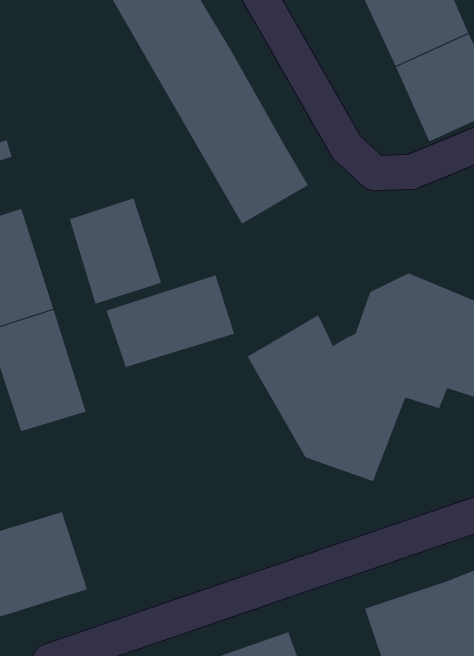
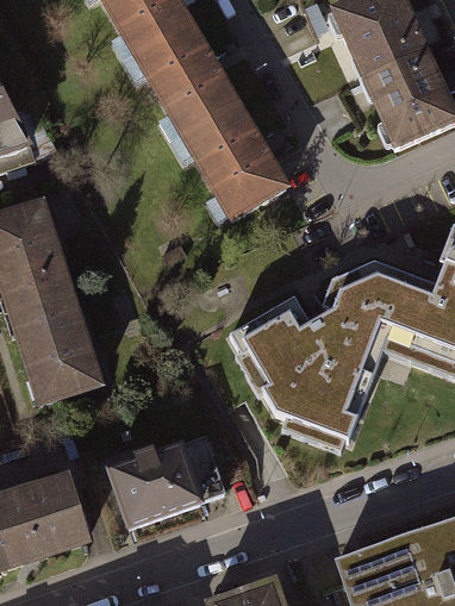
building: [69,197,162,305] -> none
building: [106,275,235,368] -> none
building: none -> [100,432,224,527]

